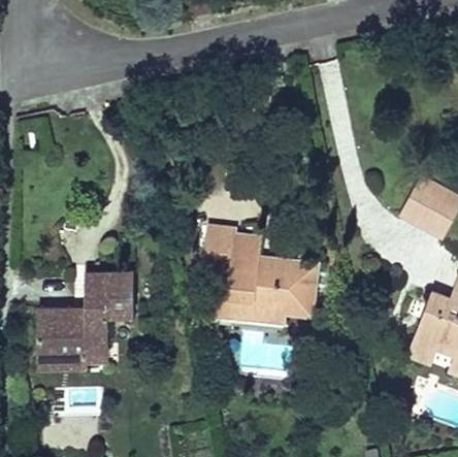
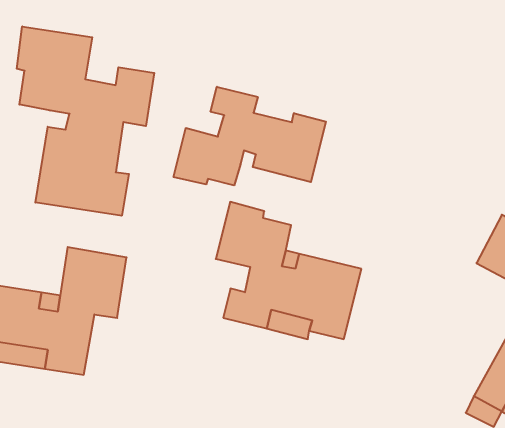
building: none -> [17,26,154,216]
building: none -> [174,87,326,185]

